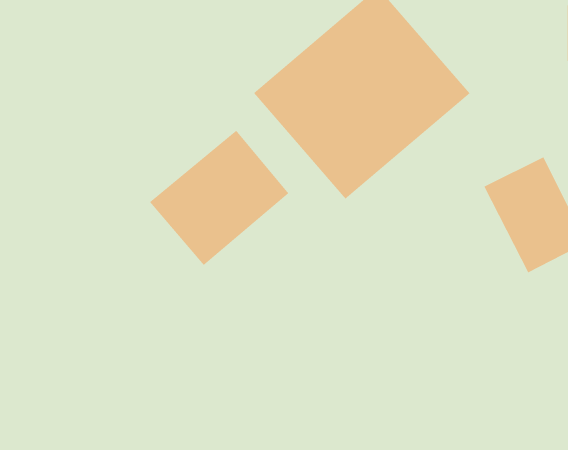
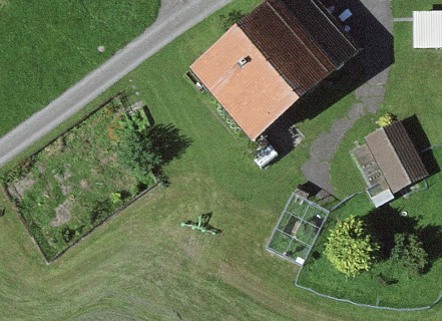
building: [149,130,289,266] -> none

